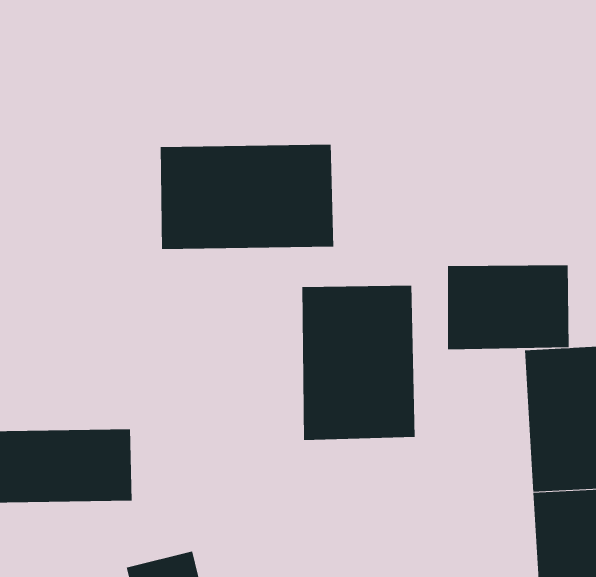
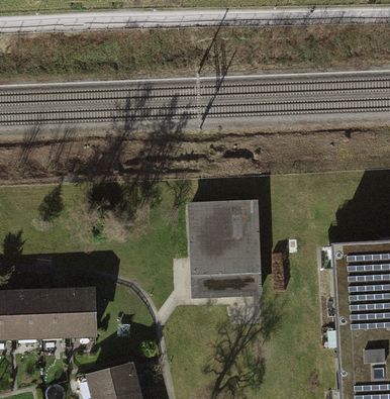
building: [160,144,334,250] -> none
building: [447,264,569,350] -> none

